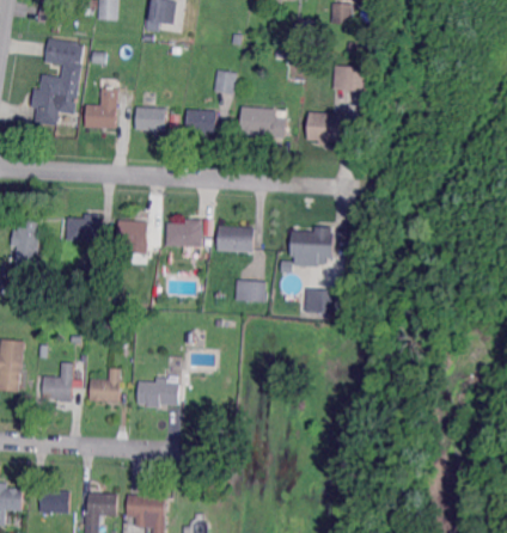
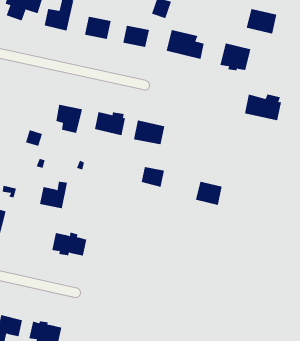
building: [66,214,102,241] -> none
building: [292,227,336,258] -> [244,94,282,121]
building: [90,368,121,402] -> [39,181,68,209]

